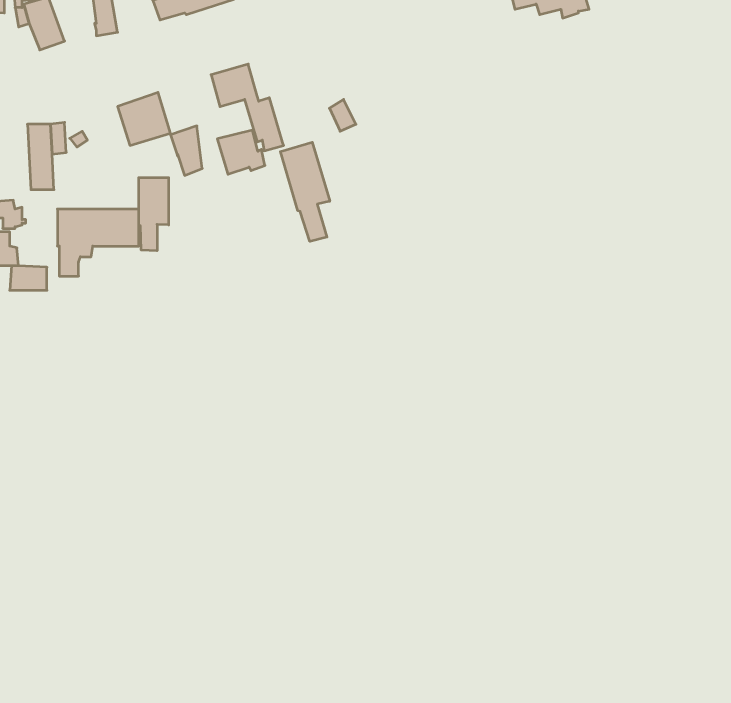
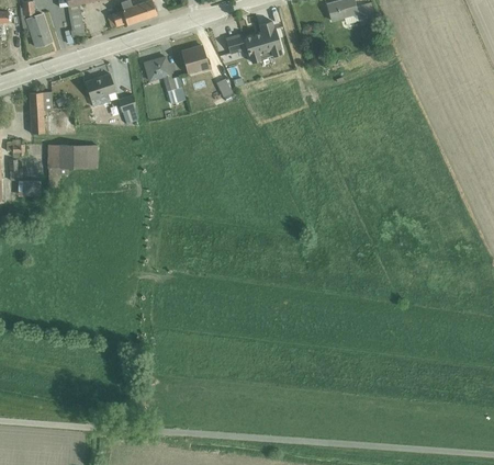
building: none -> [226,20,282,63]
building: [217,130,265,174] -> [181,46,211,73]
building: [280,142,330,241] -> none
building: [139,178,169,251] -> none

